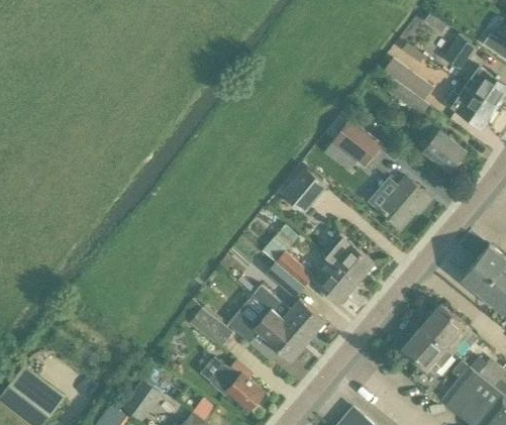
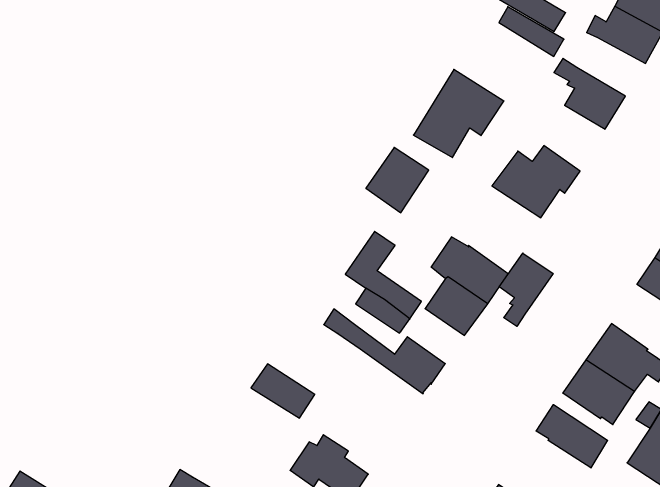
building: none -> [499,253,553,326]
building: [230,305,307,360] -> none
building: none -> [536,405,608,468]

